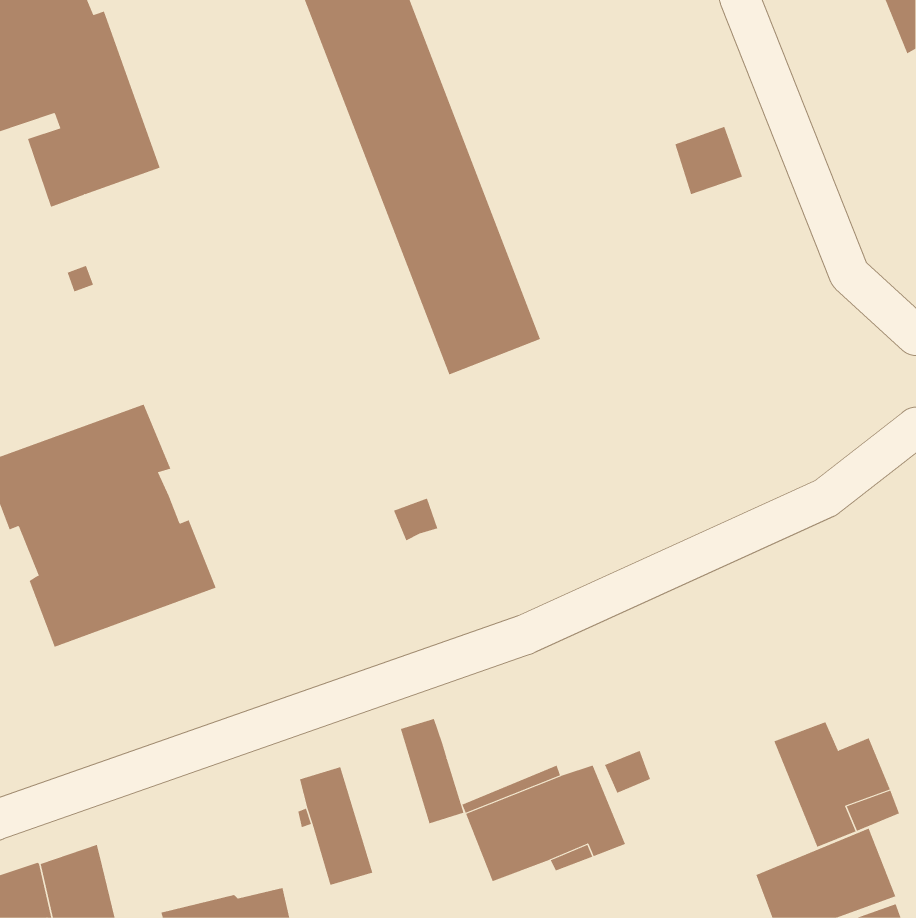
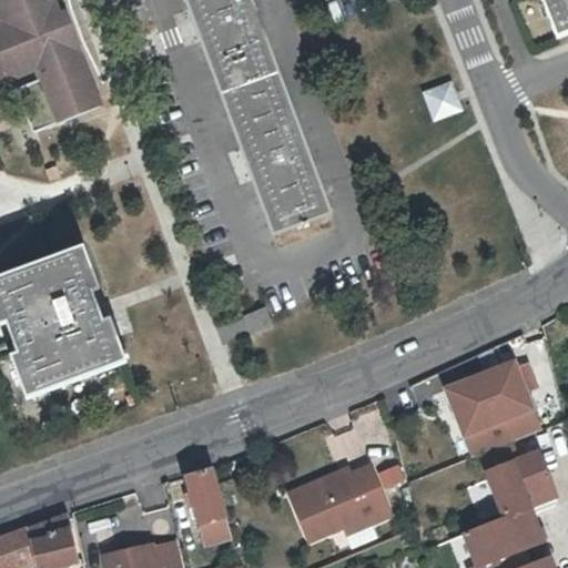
building: none -> [442,358,541,455]
building: [400,718,464,824] -> none

